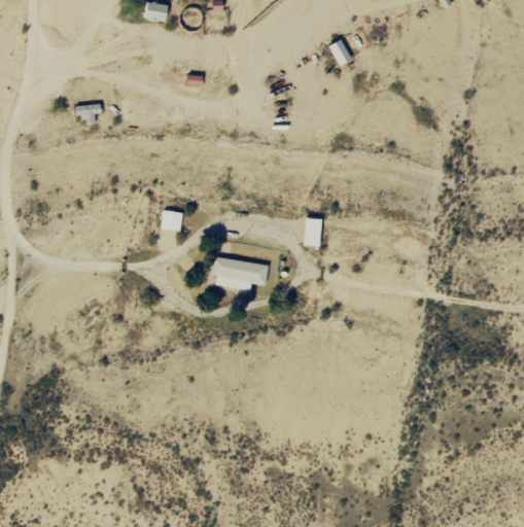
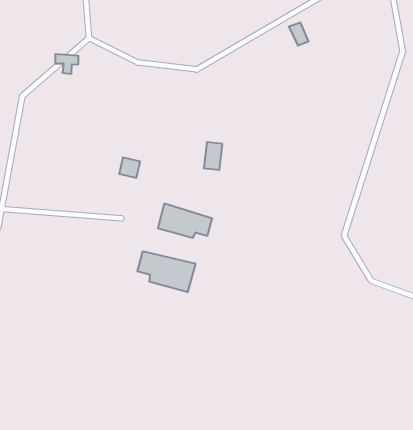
building: [304,217,321,246] -> [204,142,222,170]
building: none -> [137,251,195,292]

